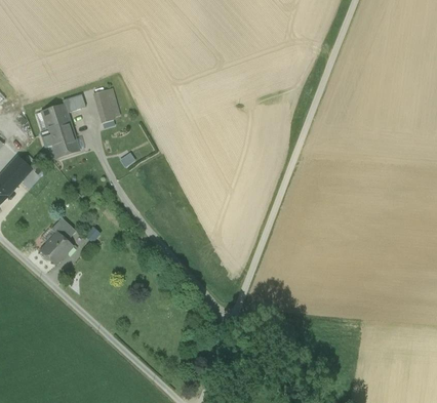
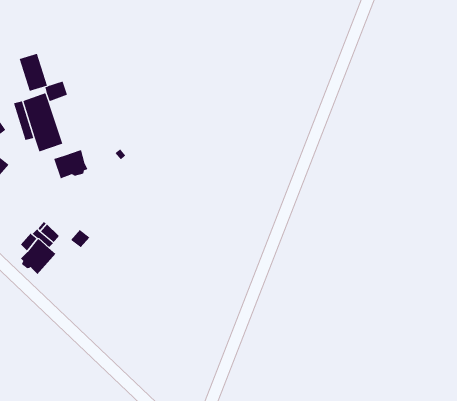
building: [92,87,118,121] -> [19,53,48,92]
building: none -> [53,150,88,179]

